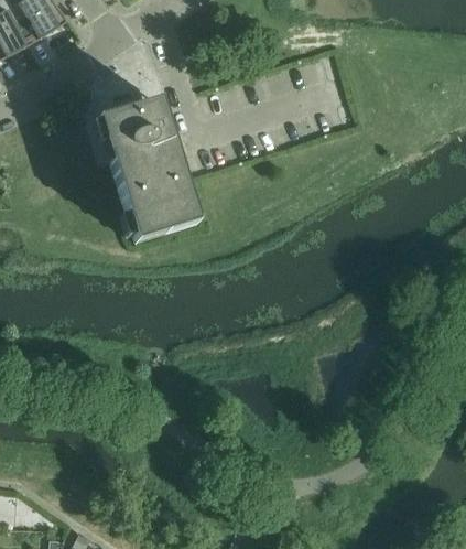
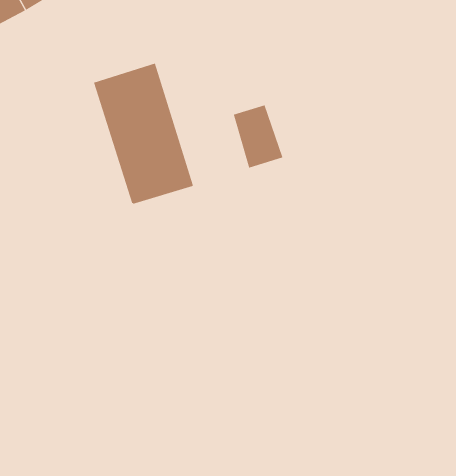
building: none -> [233,105,283,169]

